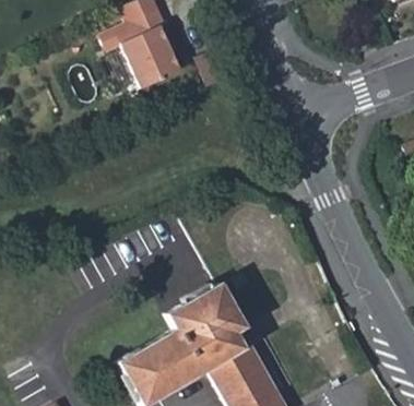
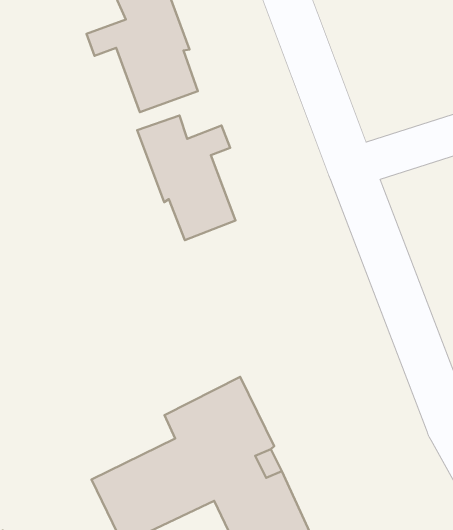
building: none -> [137,116,236,240]

